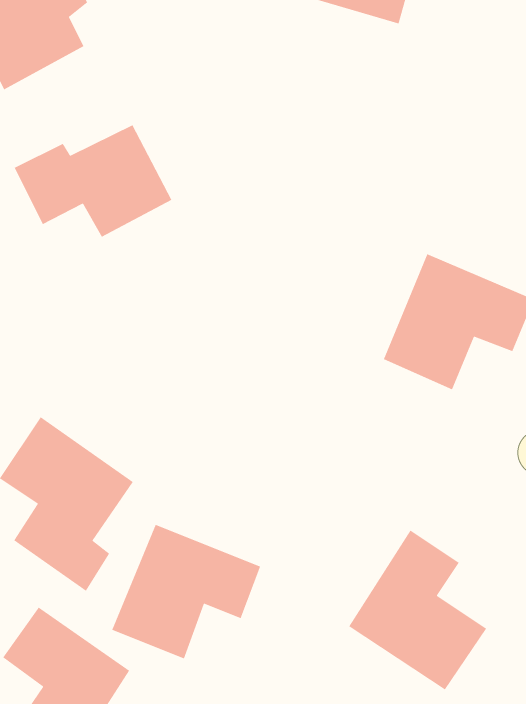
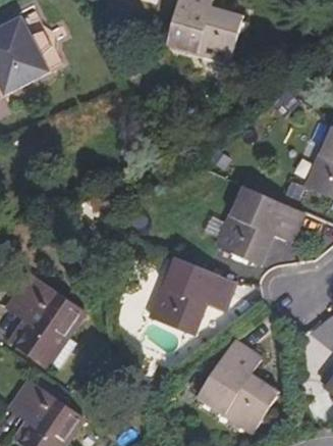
building: [13,124,172,238] -> none
building: [111,524,261,659] -> [151,256,234,332]

